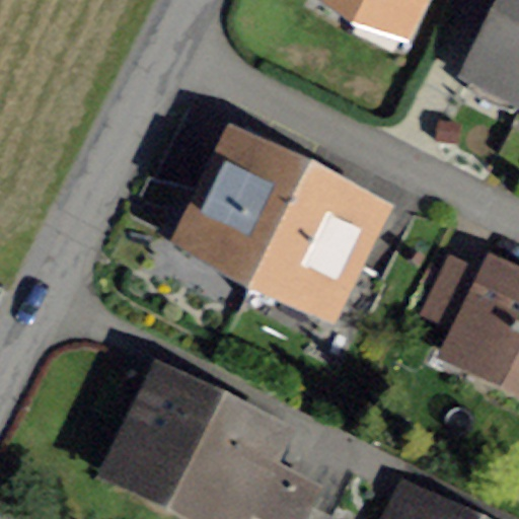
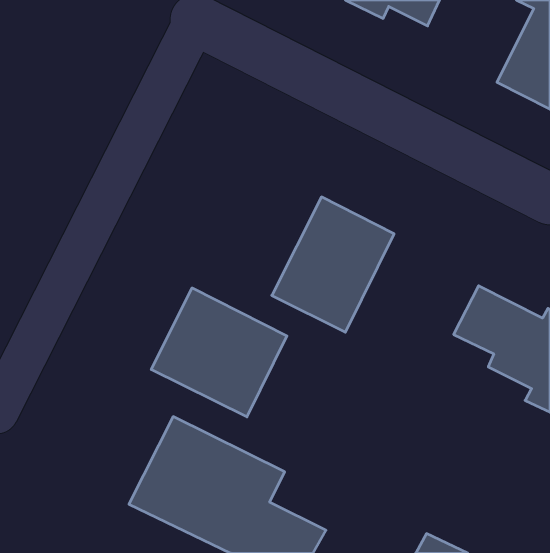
building: [187,150,301,277] -> none
building: none -> [151,288,287,417]

